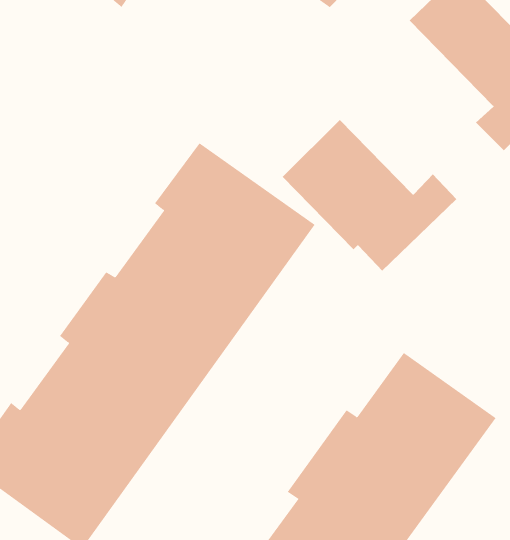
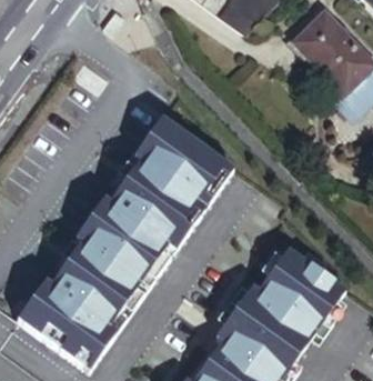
building: [282,119,457,272] -> none

